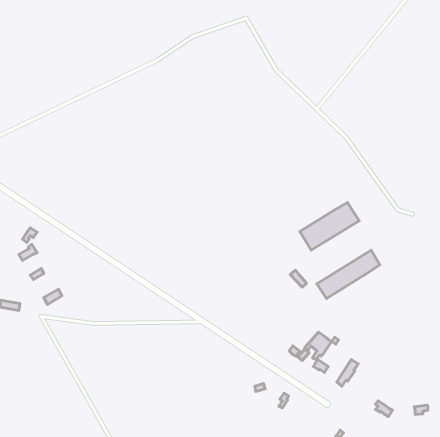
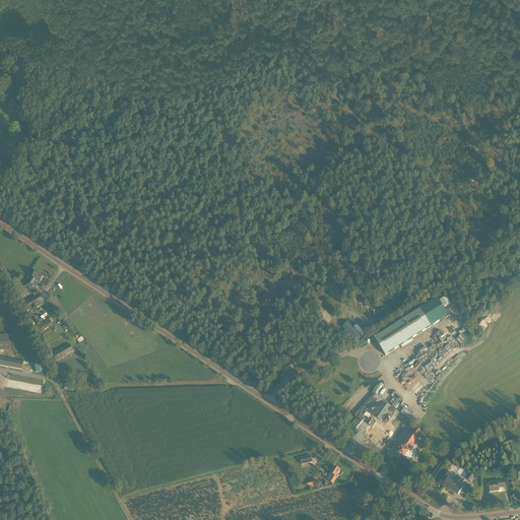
building: [300,203,359,250] -> none

